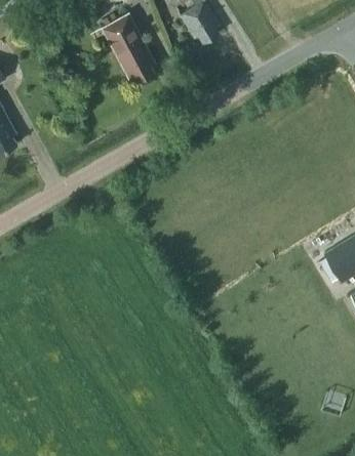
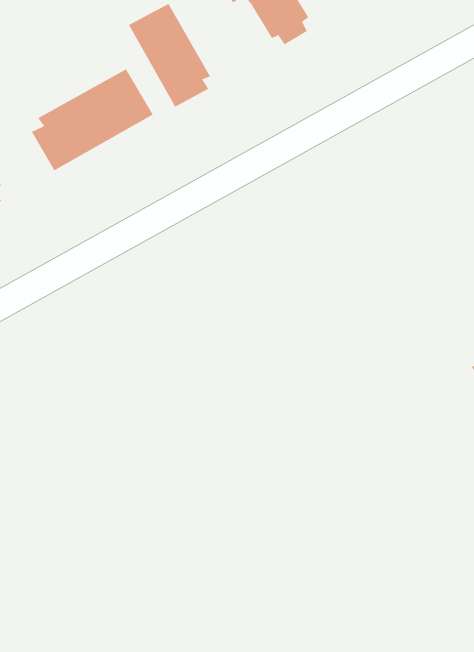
building: none -> [31,68,154,171]

